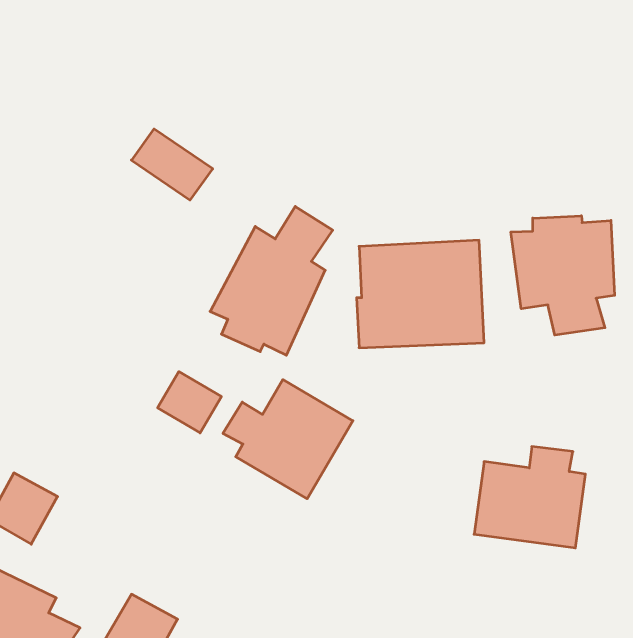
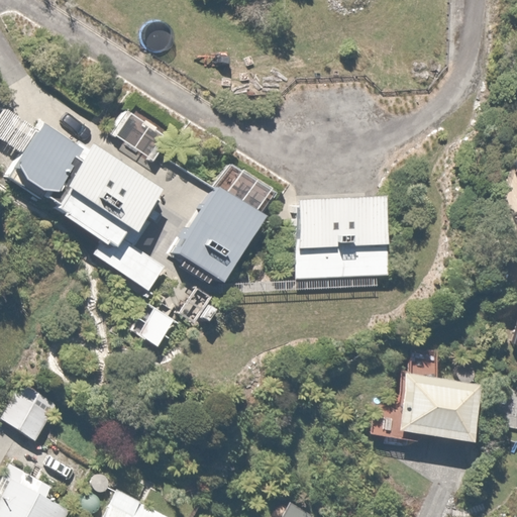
building: none -> [17,123,88,196]
building: none -> [58,147,172,296]
building: [511,216,615,335] -> none
building: [223,380,353,499] -> none

